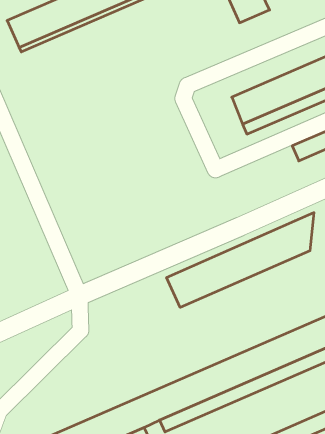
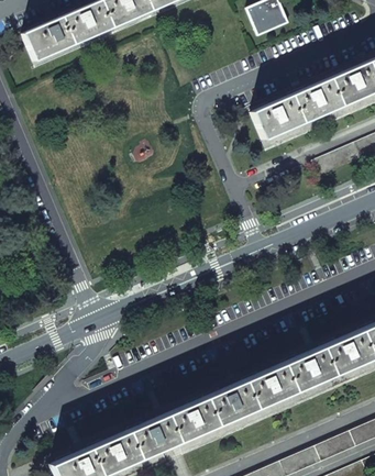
building: [167,213,314,307] -> none

